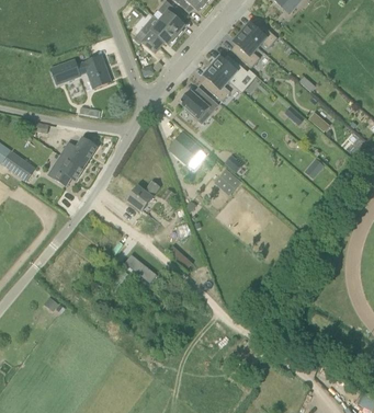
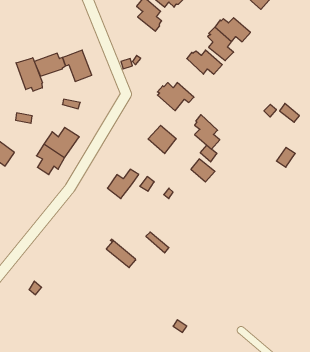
building: [139,15,177,50] -> none
building: none -> [16,58,43,91]
building: [203,65,229,101] -> [195,115,220,149]

